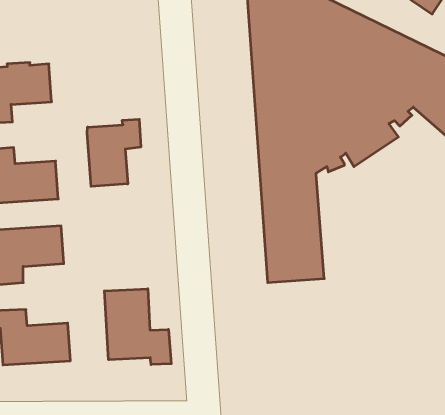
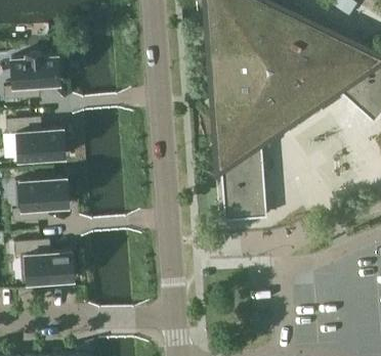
building: [87,119,141,186] -> none
building: [104,289,171,365] -> none

